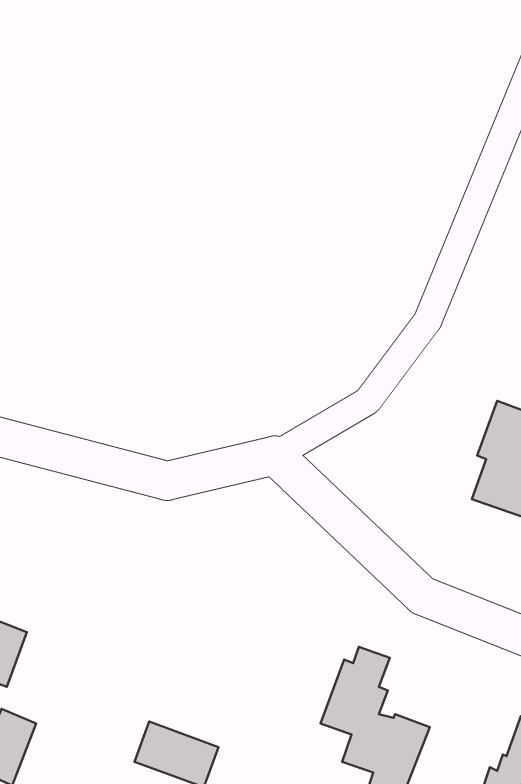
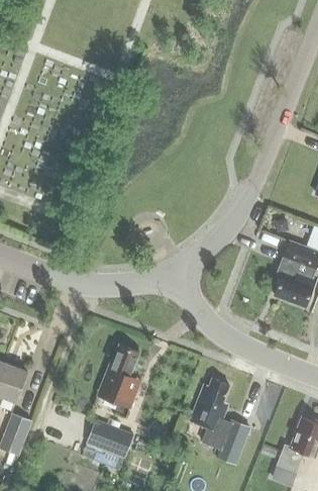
building: none -> [97,343,140,407]

